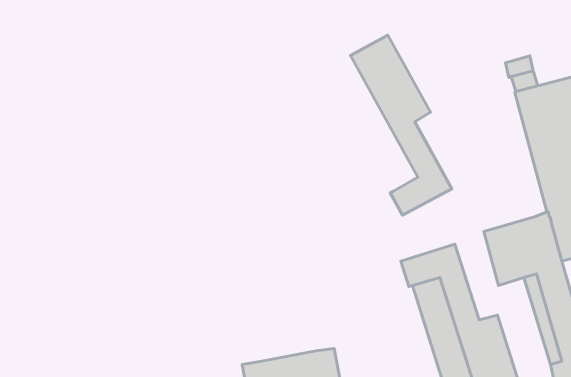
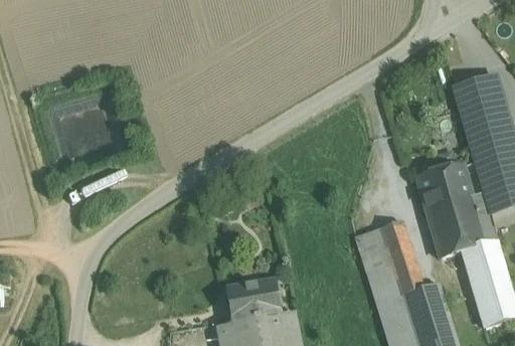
building: [351,35,452,215] -> none
building: none -> [417,163,472,209]
building: none -> [226,279,280,323]

